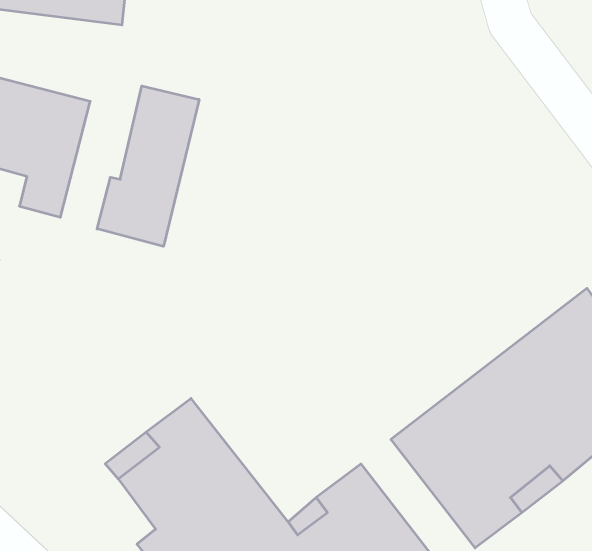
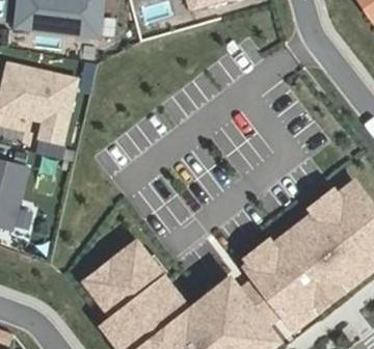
building: [97,86,199,246] -> none

